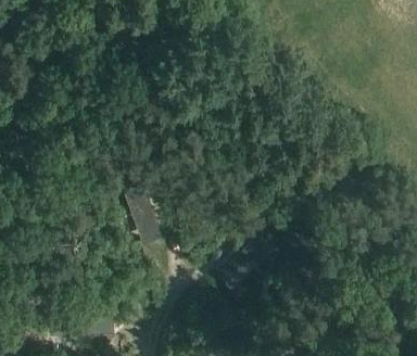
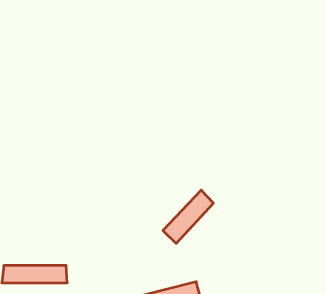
building: [122,178,165,238] -> none

